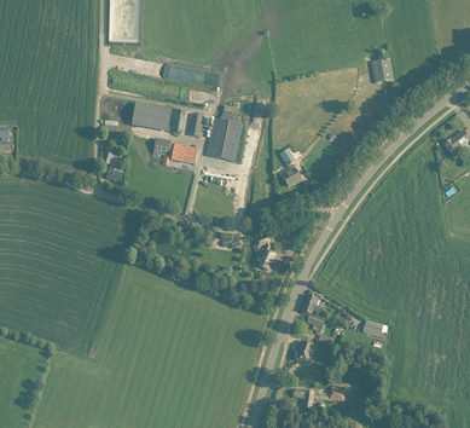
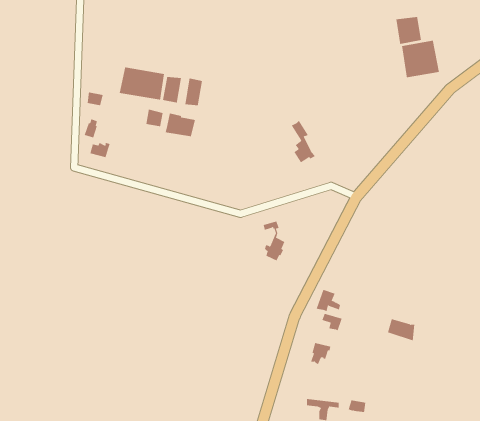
building: none -> [401,40,440,78]
building: [205,117,242,161] -> none

